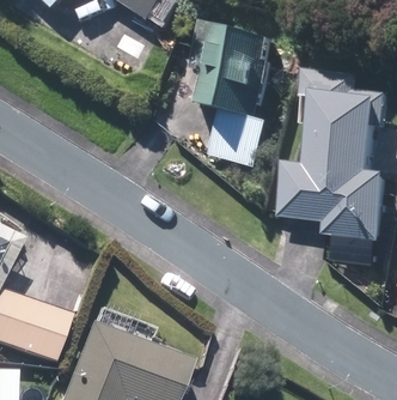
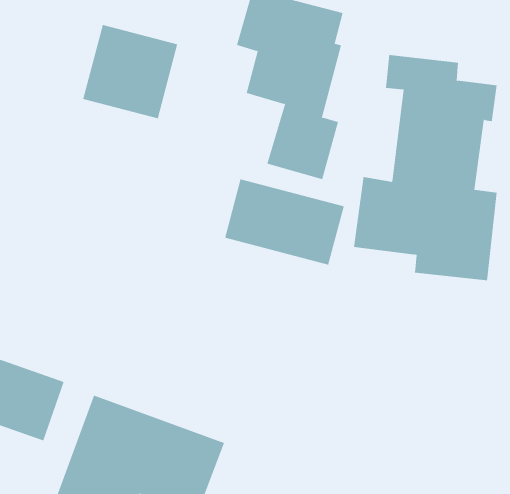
building: none -> [83,24,178,119]
building: none -> [224,178,344,266]

